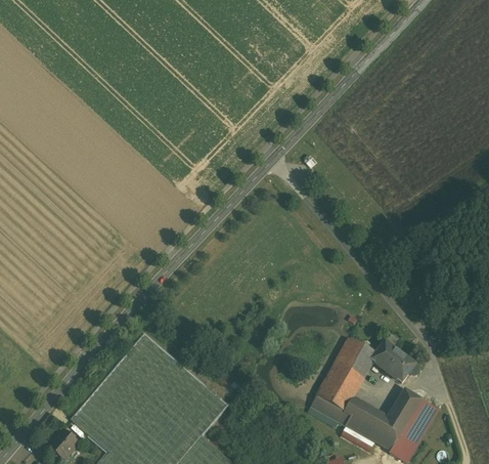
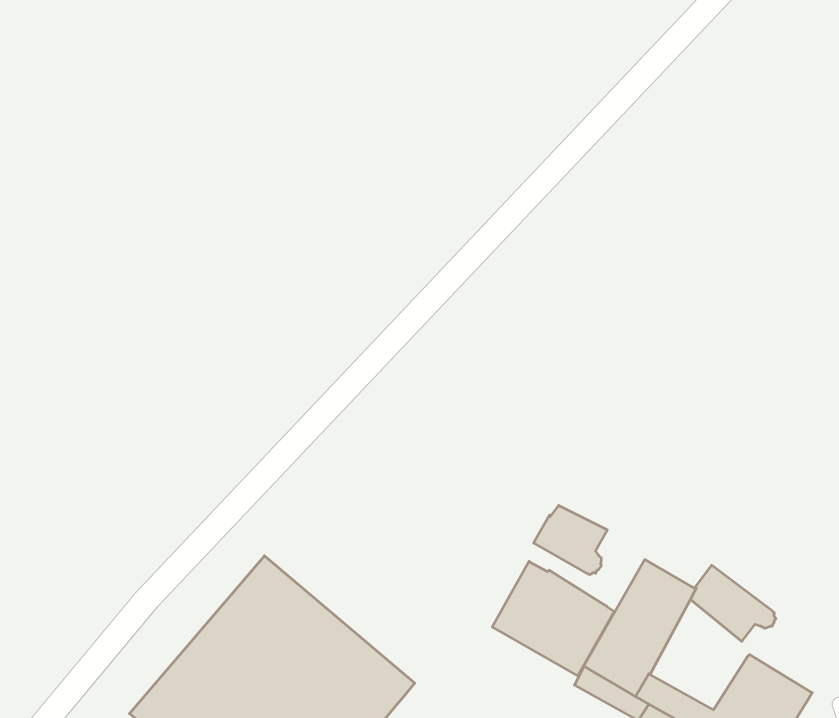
building: none -> [534,505,607,575]
building: none -> [492,561,615,676]

